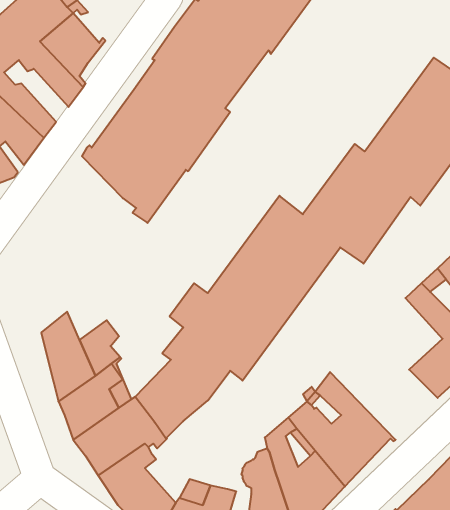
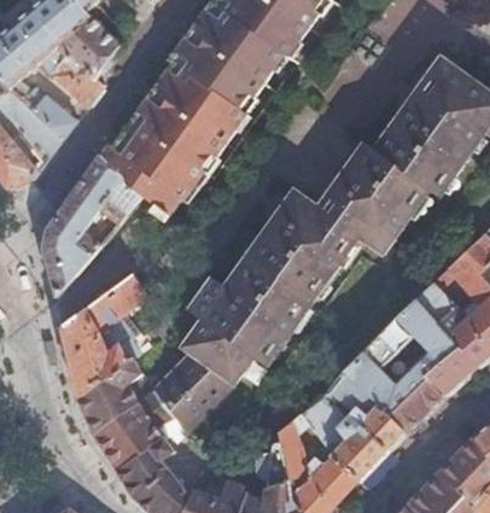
building: none -> [42,152,140,301]
building: none -> [86,274,147,337]
building: none -> [343,296,453,435]

